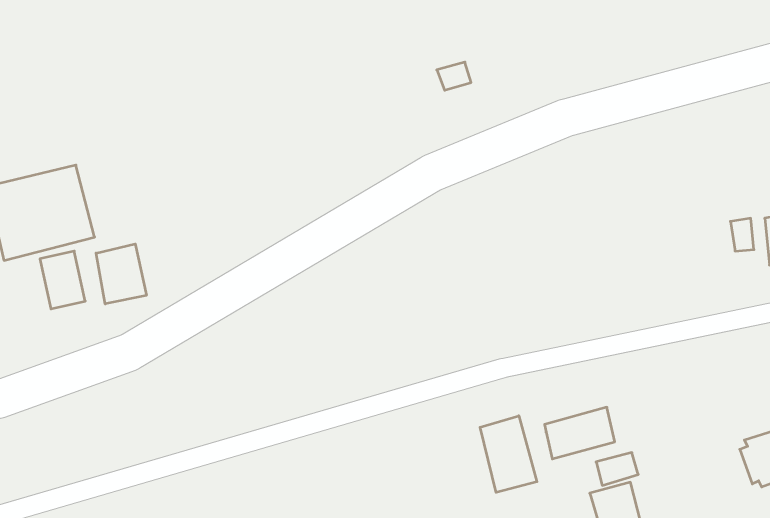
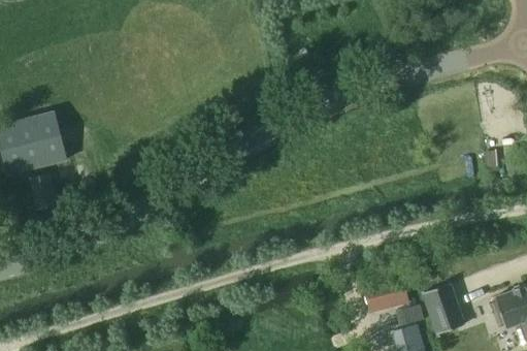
building: [96,244,146,304] -> none
building: [480,416,537,492] -> none
building: none -> [423,283,464,334]

